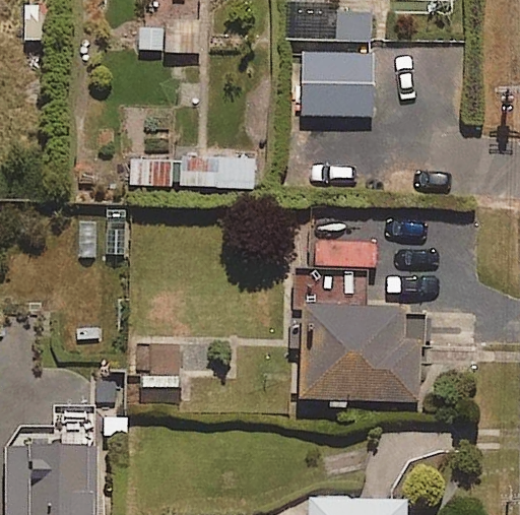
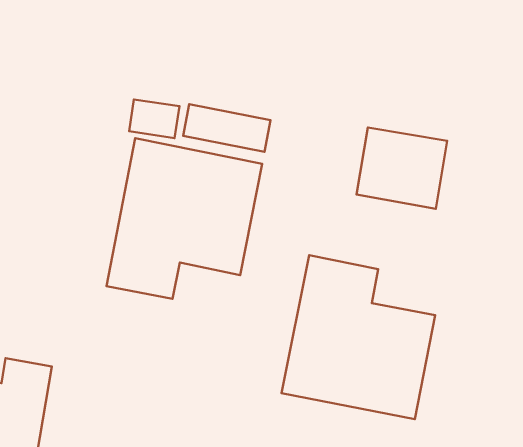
building: [301,55,373,117] -> [357,128,447,209]
building: none -> [107,138,262,299]

